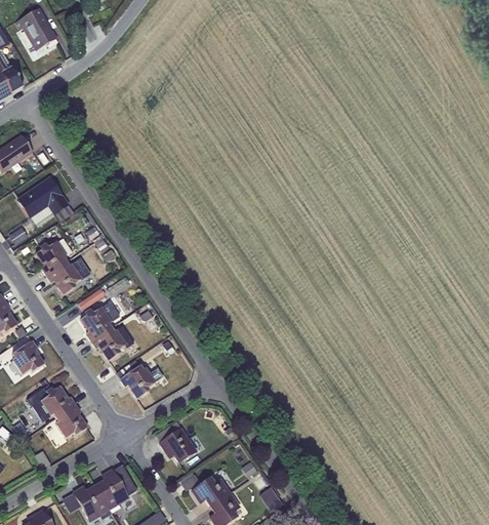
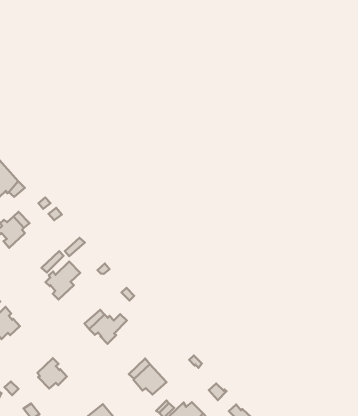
building: [46,256,91,294] -> none
building: [91,325,134,360] -> none
building: [27,386,75,420] -> none

